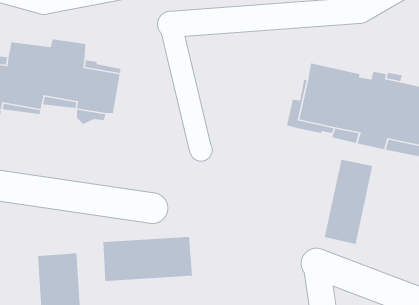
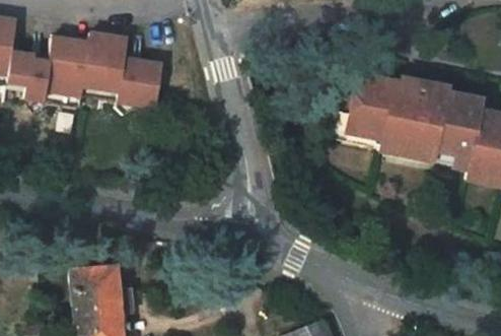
building: [324,159,373,245] -> none
building: [103,236,193,282] -> none

